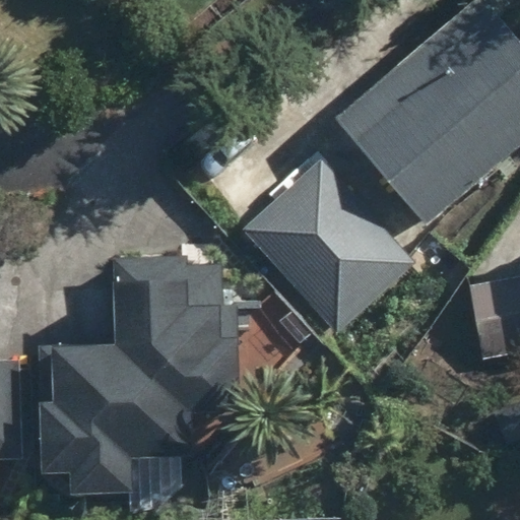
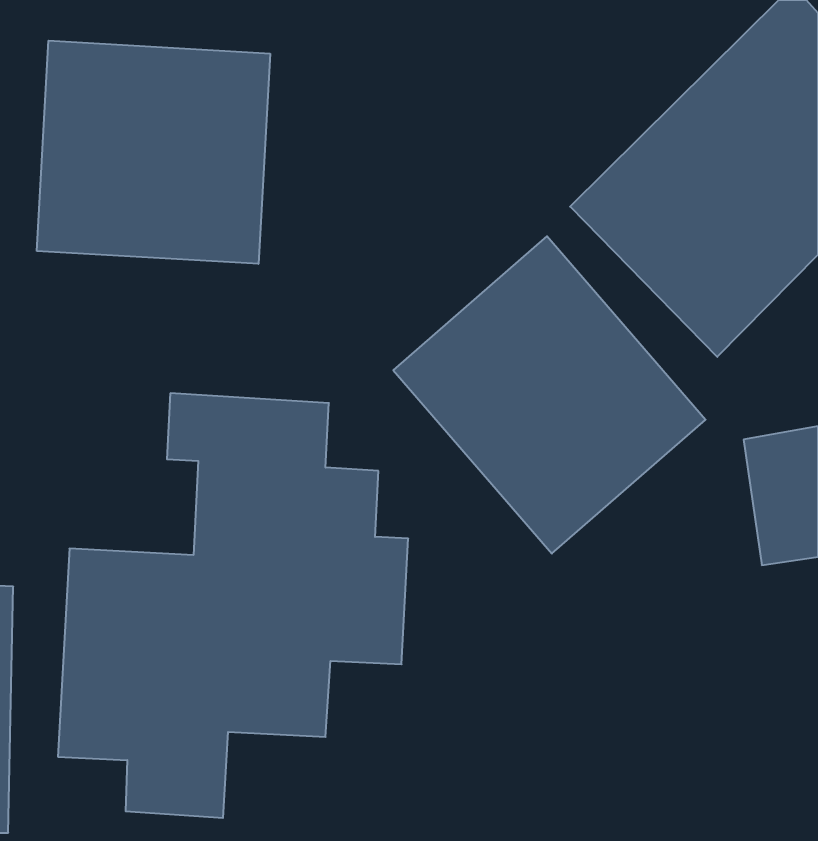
building: none -> [37,41,270,264]

